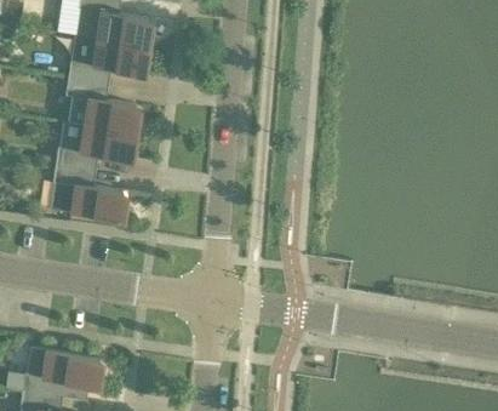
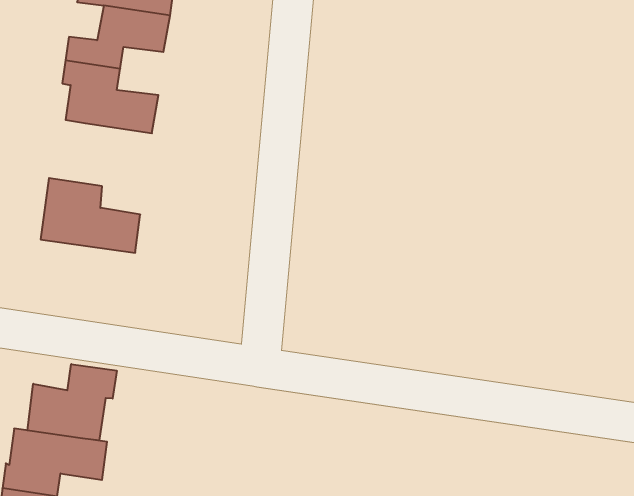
building: [57,124,132,173] -> none
building: none -> [27,364,117,440]

